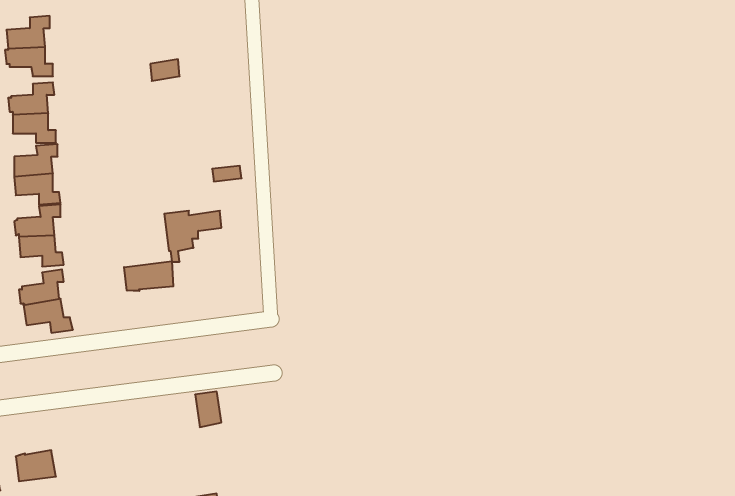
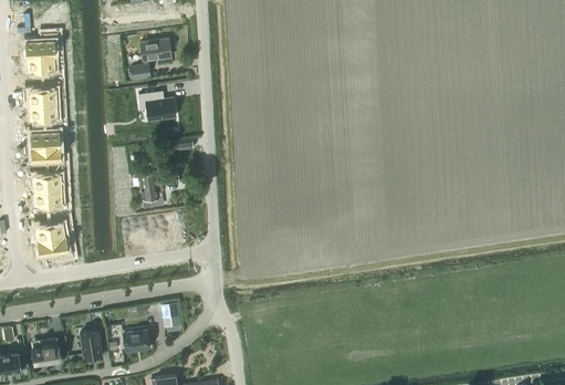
building: none -> [140,38,171,61]
building: none -> [139,91,176,119]
building: [124,261,173,291] -> none
building: none -> [81,330,107,358]
building: none -> [124,330,150,352]

